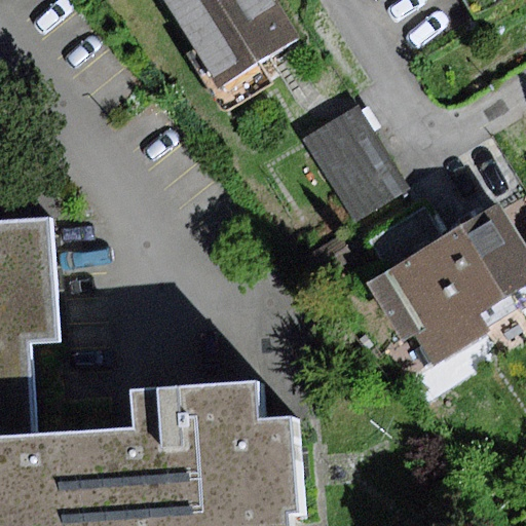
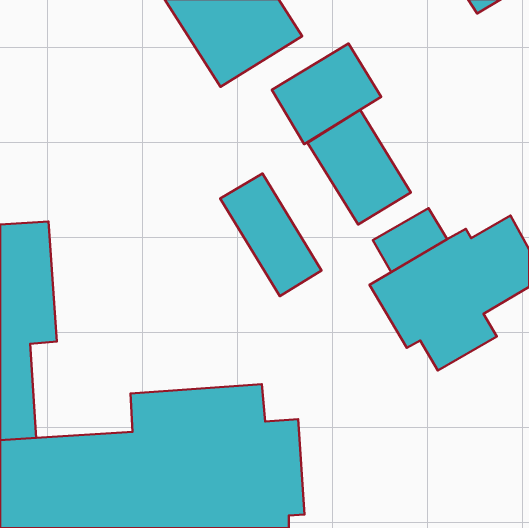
building: none -> [272,43,381,144]
building: none -> [220,174,321,296]

